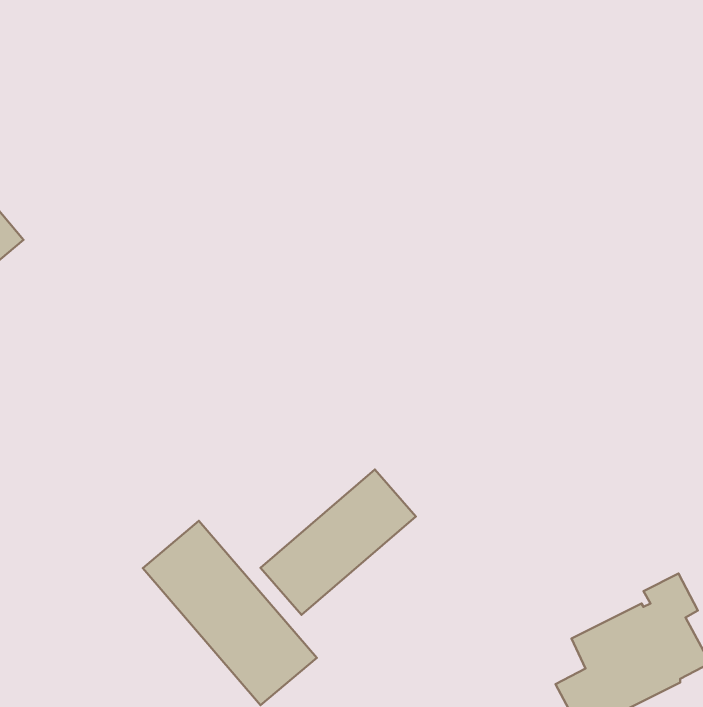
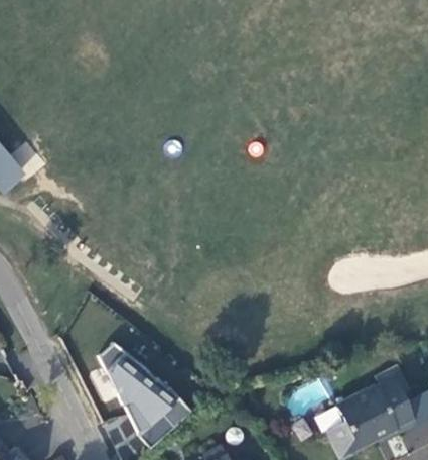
building: [261,470,416,615] -> none

